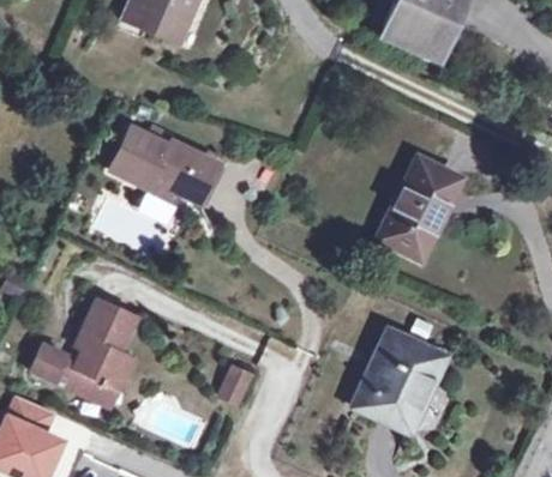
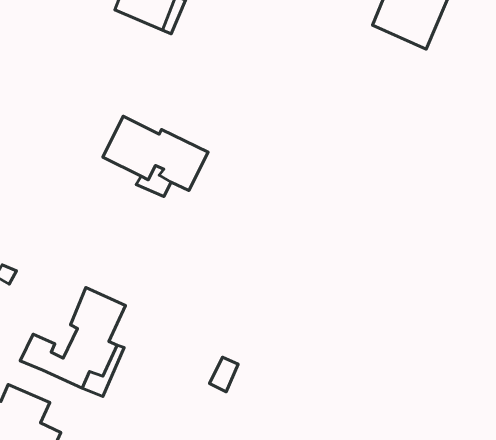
building: [377,157,460,261] -> none
building: [354,333,445,430] -> none

